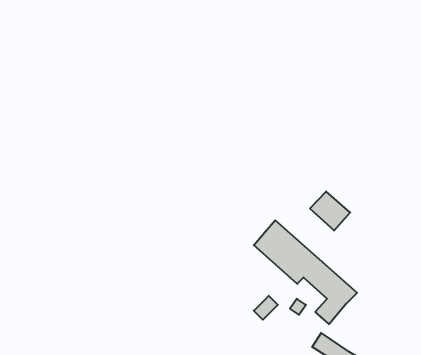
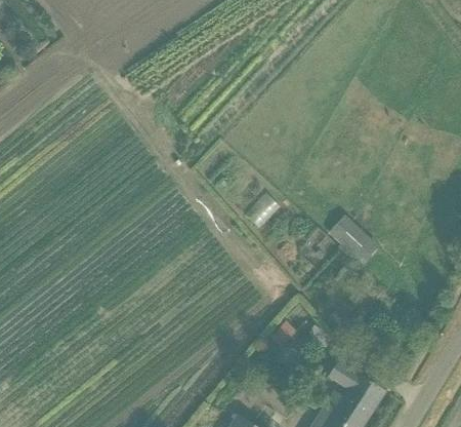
building: [254,220,357,324] -> none

